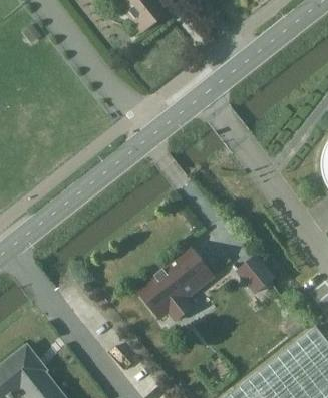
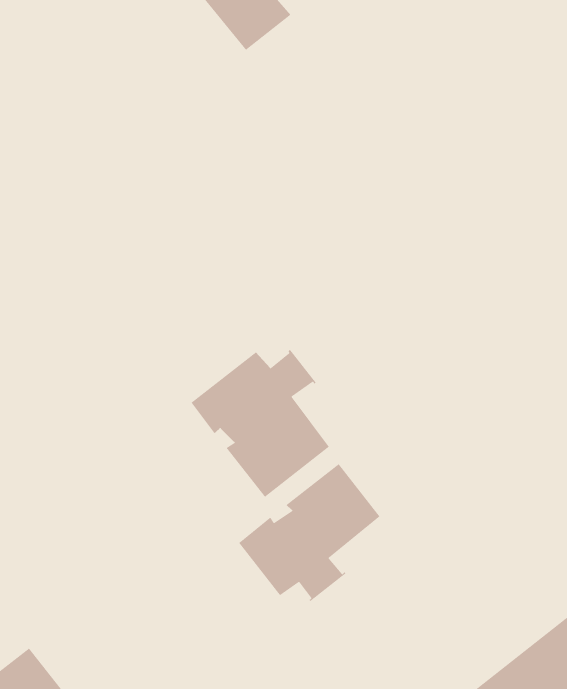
building: none -> [191,349,330,498]
building: [237,258,274,295] -> none

